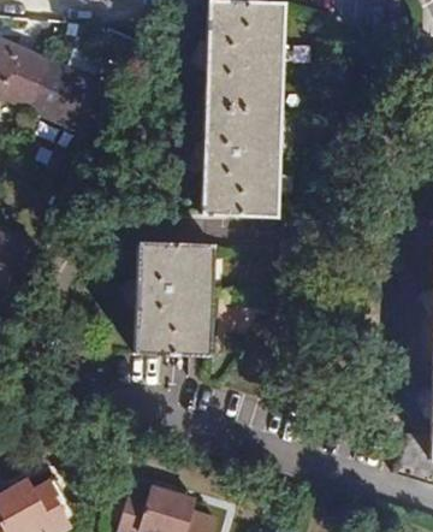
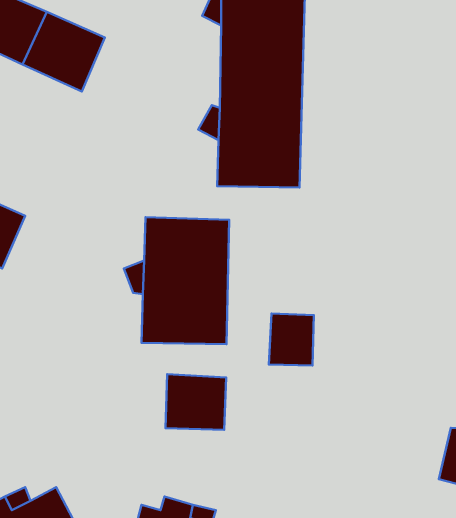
building: none -> [269,314,314,366]
building: none -> [166,374,226,430]

